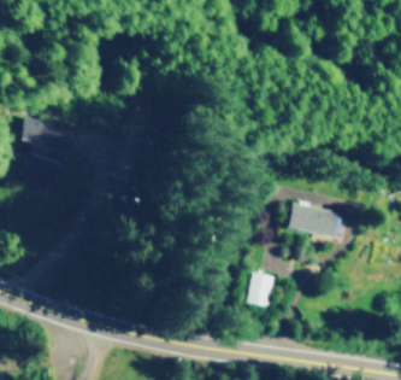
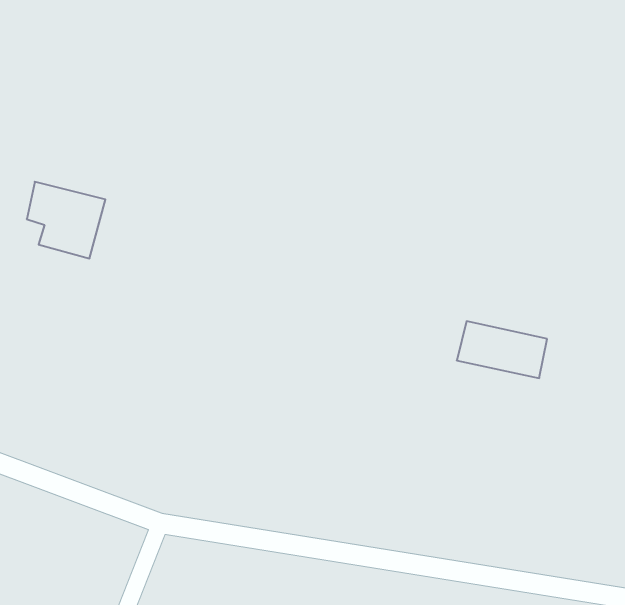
building: [244,273,276,309] -> none

